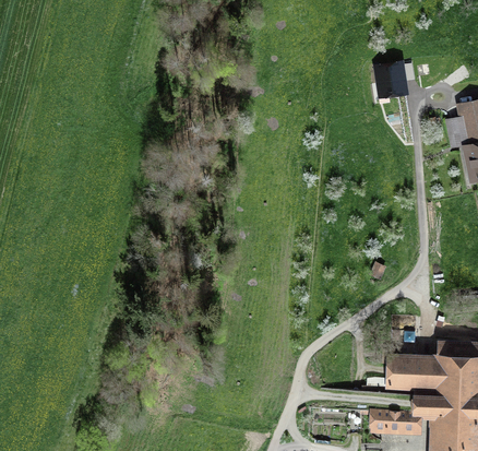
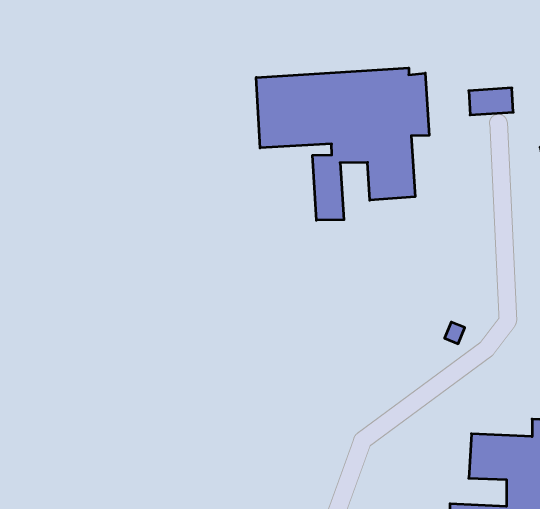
building: none -> [256,68,429,220]

